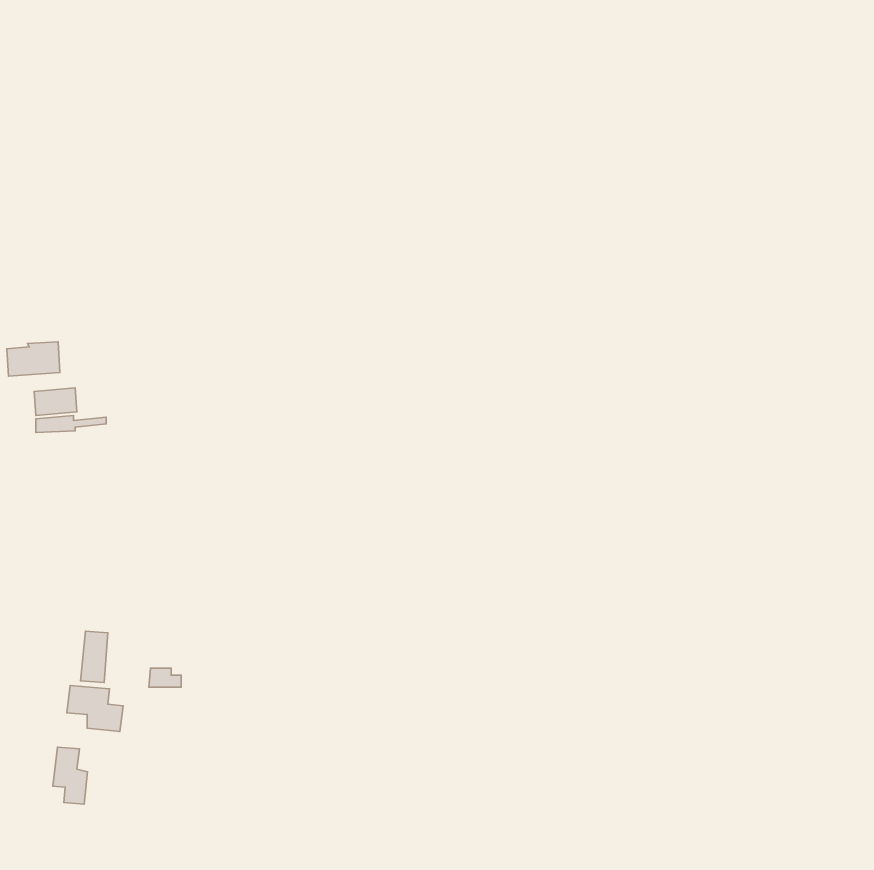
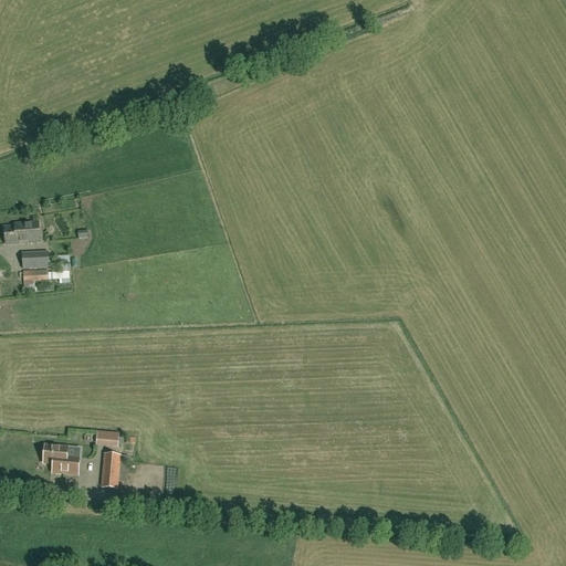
building: [80,631,108,682] -> [101,452,118,485]
building: [53,747,88,804] -> none

